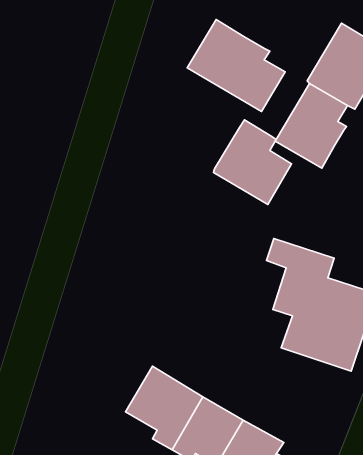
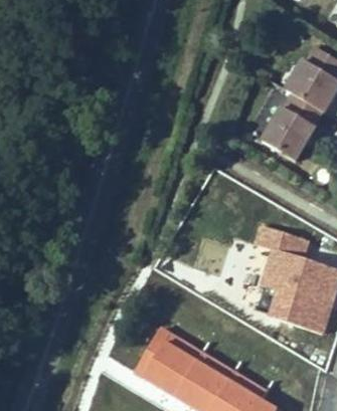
building: [187,20,285,111] -> none
building: [213,120,292,204] -> none

